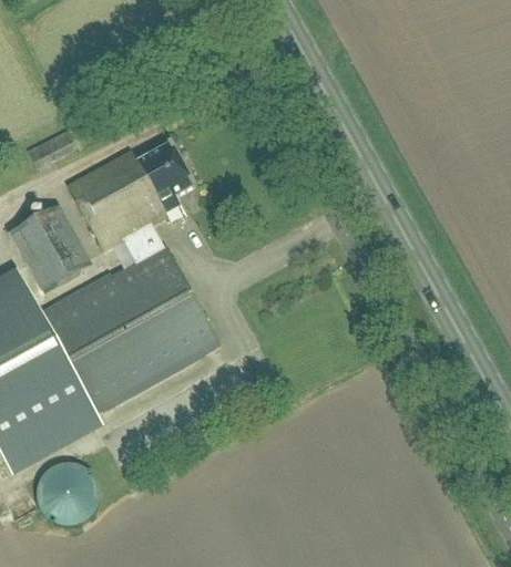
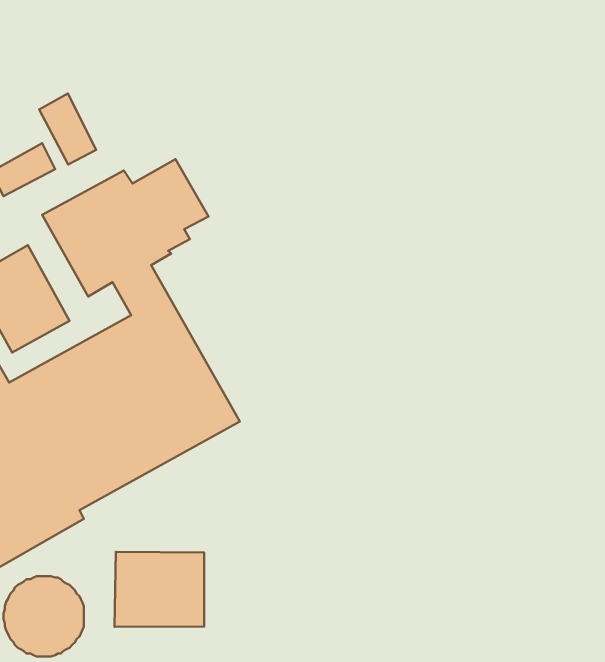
building: none -> [39,93,96,165]
building: none -> [114,552,204,627]

